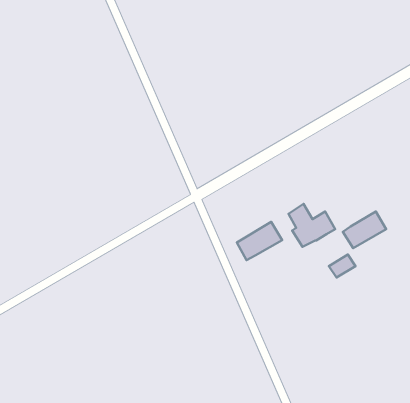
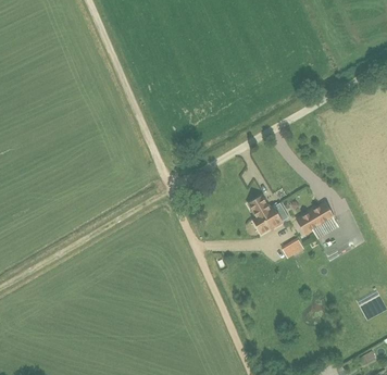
building: [237,222,282,260] -> none

